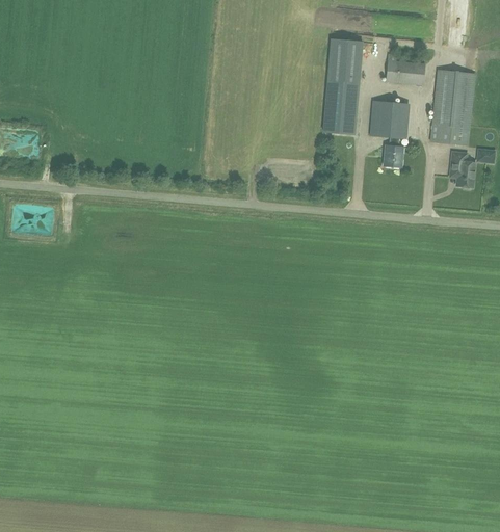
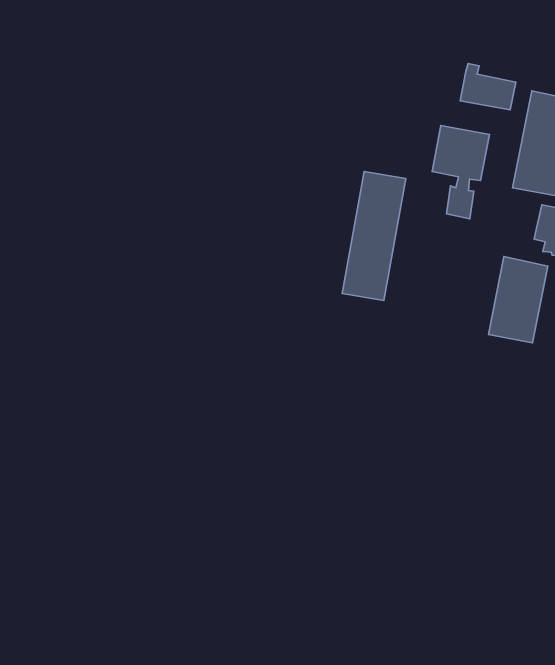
building: [323,39,362,133] -> [342,171,406,300]
building: none -> [488,257,548,343]

